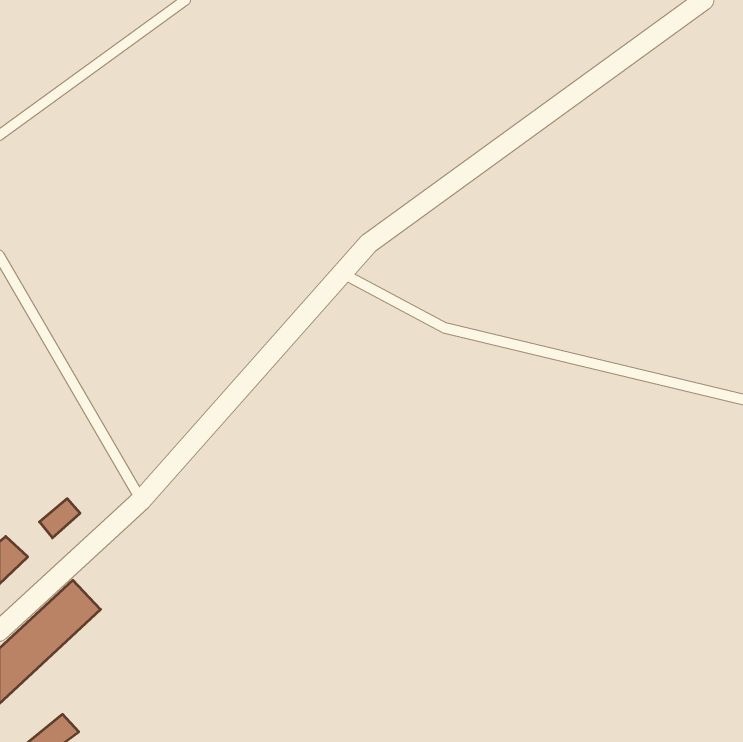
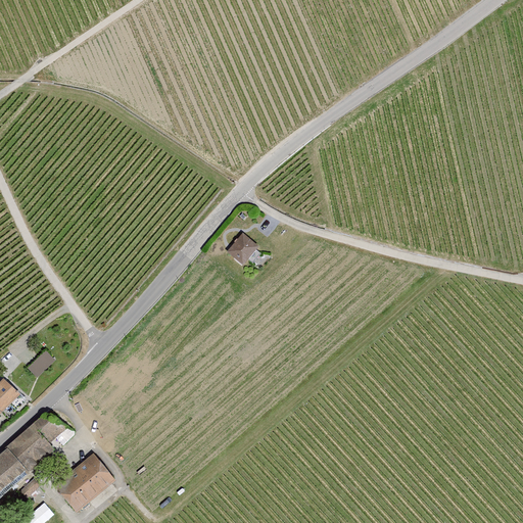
building: none -> [224,234,256,268]
building: none -> [56,455,114,511]

